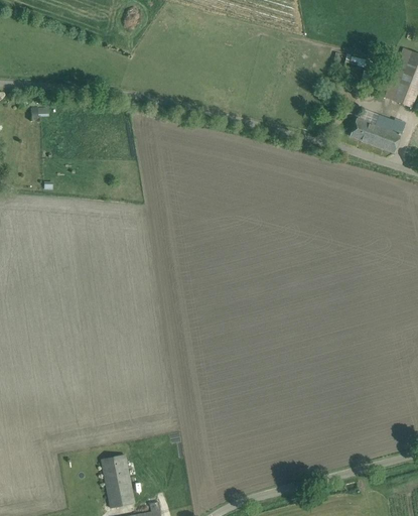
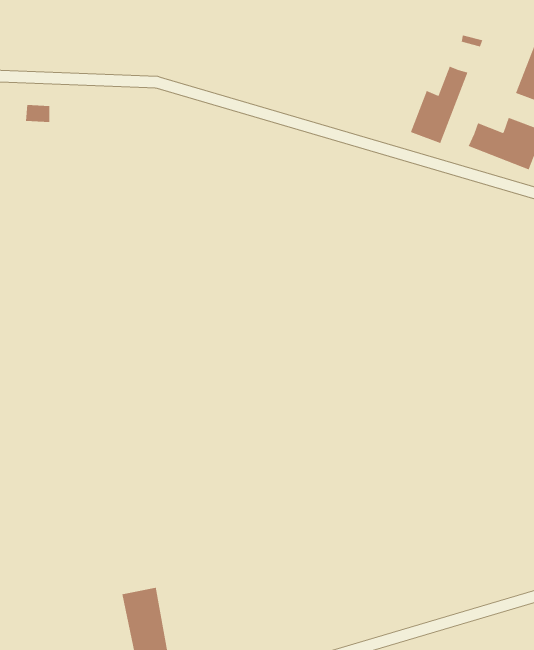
building: none -> [410,66,468,144]

